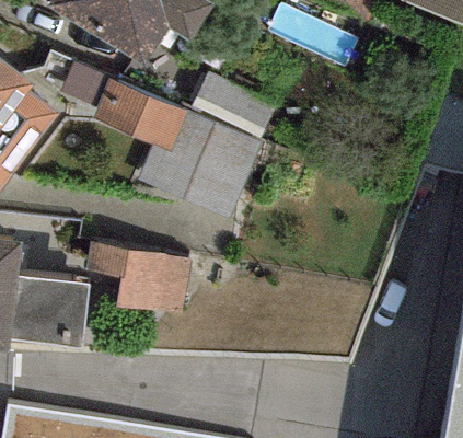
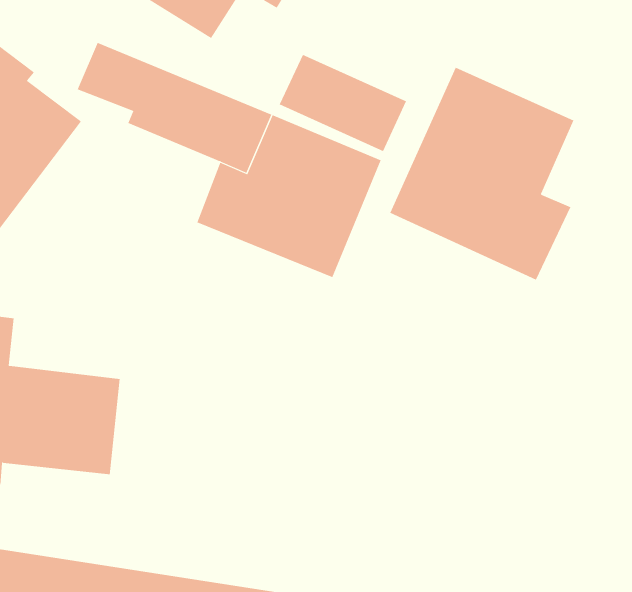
building: none -> [389,67,574,281]
building: [85,241,193,312] -> none

